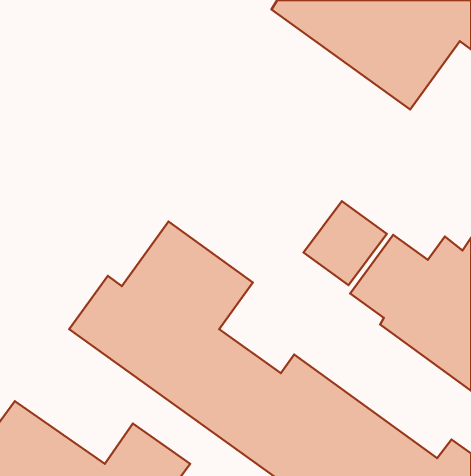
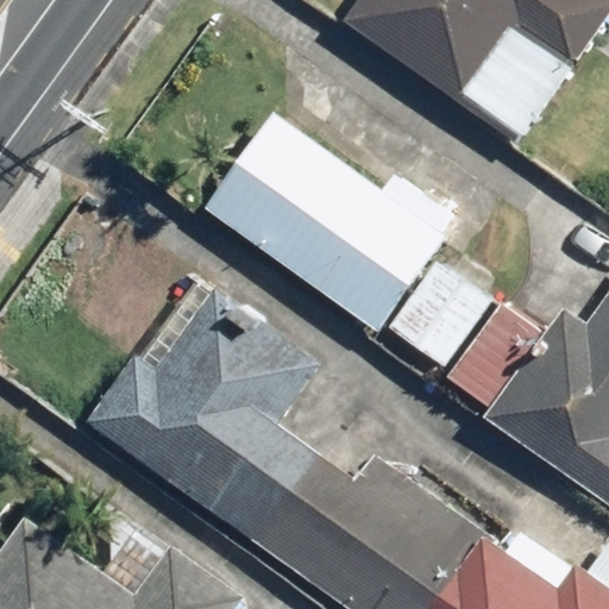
building: none -> [202,109,447,331]

